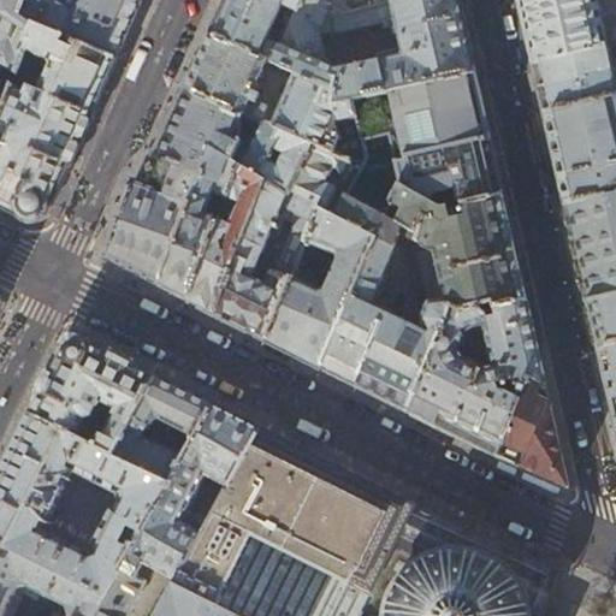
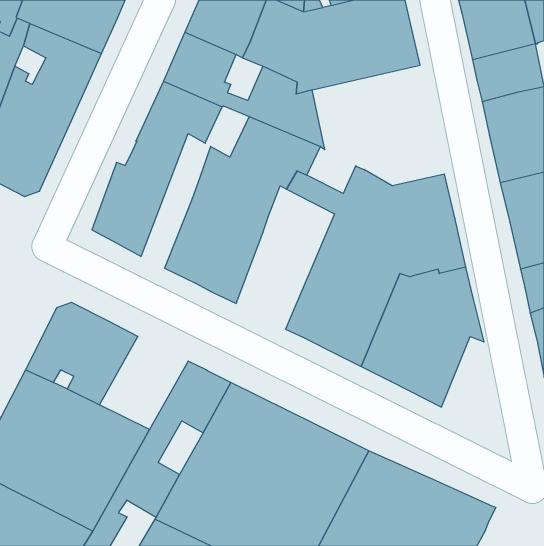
building: [345,73,500,218] -> none
building: [159,119,280,302] -> none
building: [266,209,377,371] -> none
building: [112,379,213,484] -> none
building: [497,379,568,488] -> none

